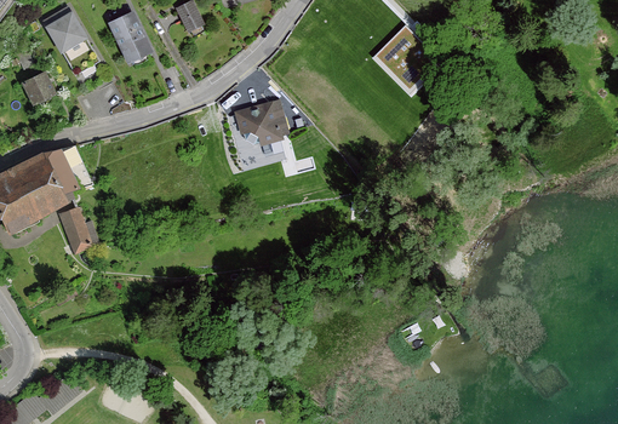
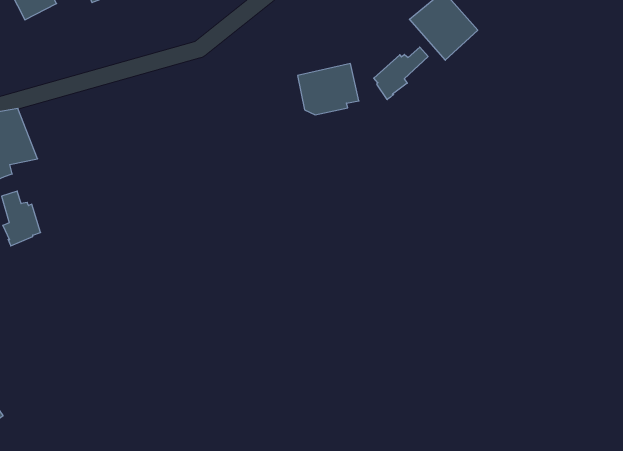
building: none -> [374,47,428,100]
building: [238,102,287,144] -> [298,64,359,115]

